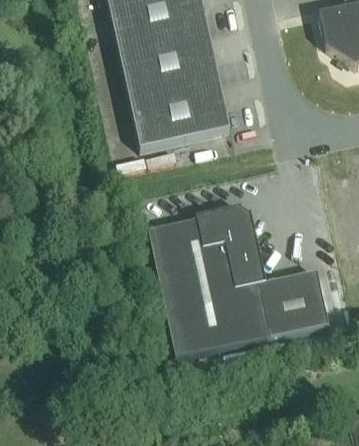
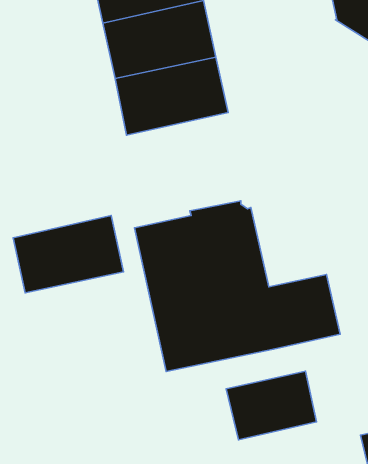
building: none -> [13,216,123,293]
building: none -> [226,371,317,440]

